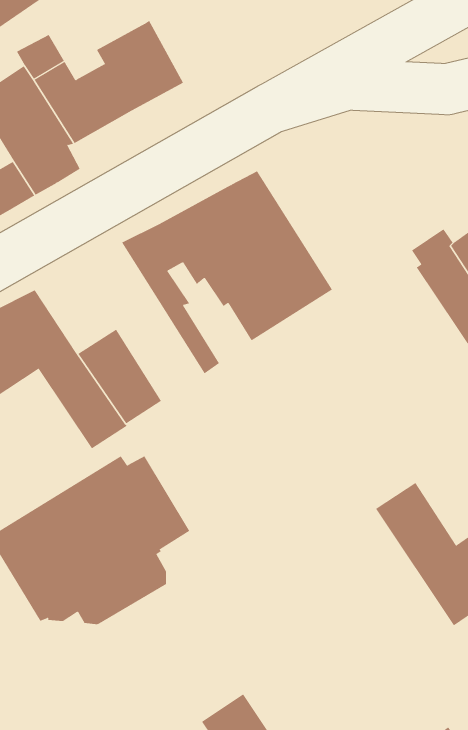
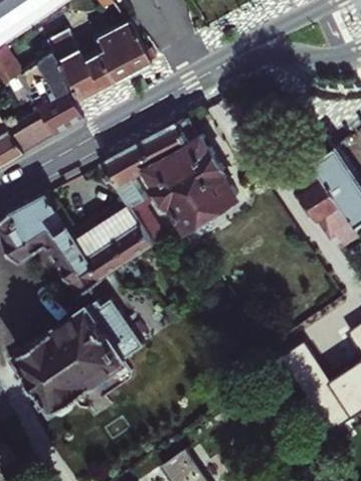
building: none -> [101,205,157,269]

